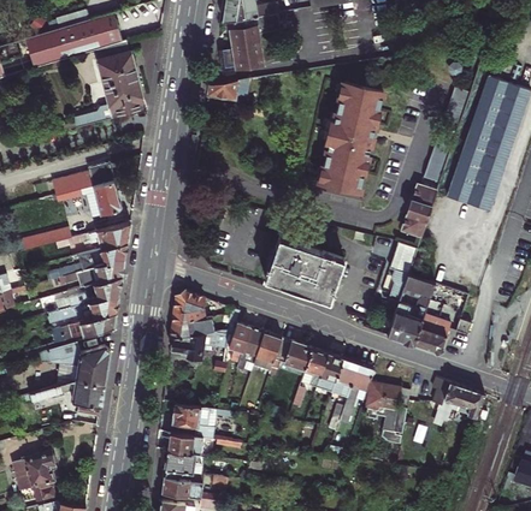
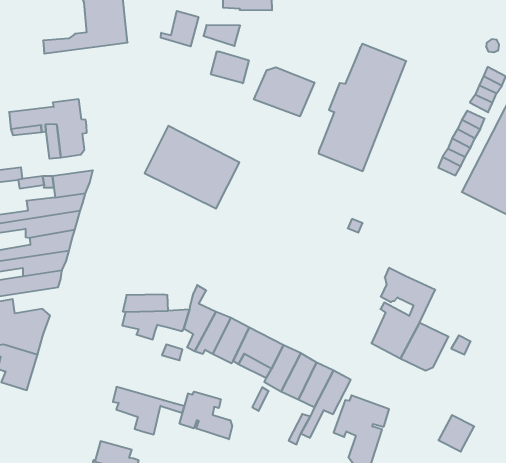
building: none -> [161,11,198,46]
building: none -> [211,51,249,83]
building: none -> [254,67,314,116]
building: [401,185,436,236] -> none
building: [264,236,343,301] -> [145,126,239,209]
building: [388,242,417,274] -> none
building: [172,291,203,323] -> none
building: [433,378,464,426] -> none
building: none -> [180,392,232,439]
building: [167,433,202,454] -> none

